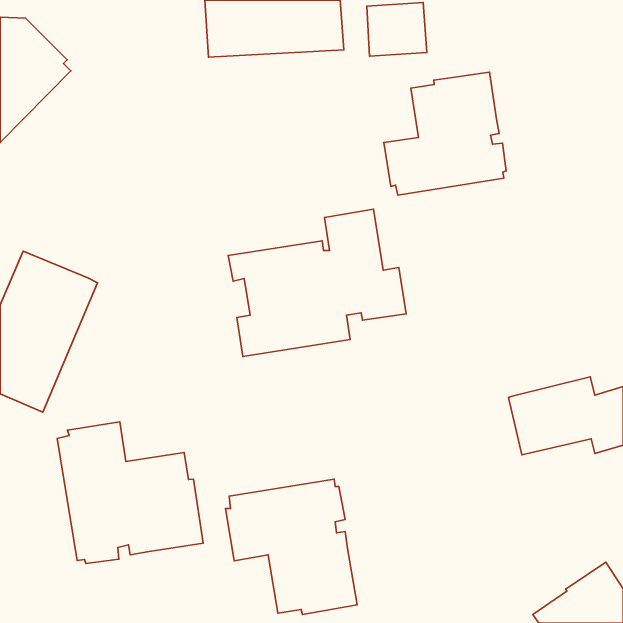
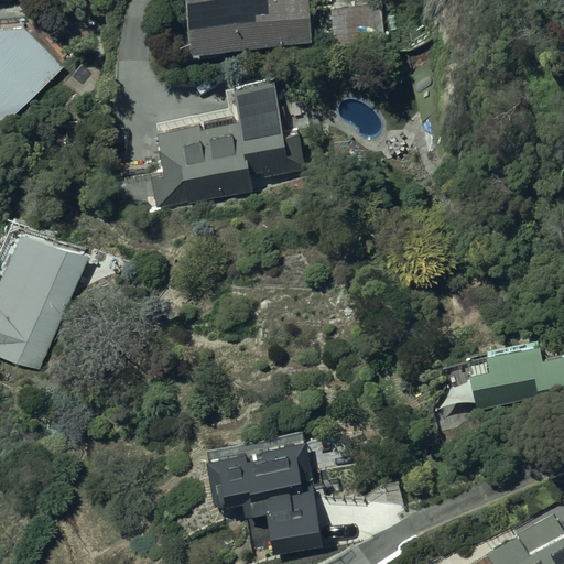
building: [384,72,506,195] -> none
building: [228,209,406,357] -> [143,77,304,210]
building: [57,422,203,564] -> none

